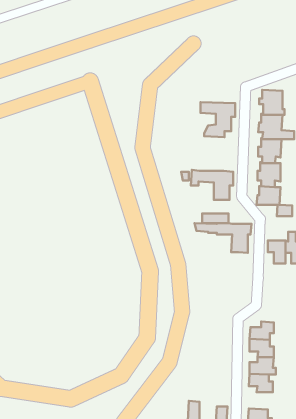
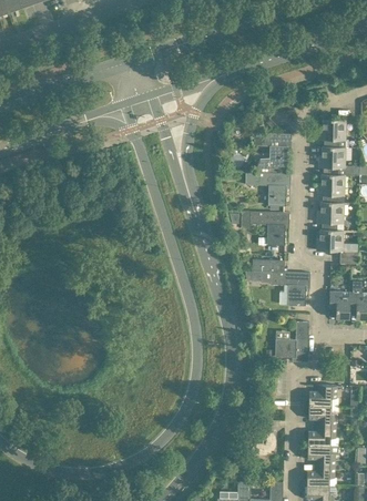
building: none -> [245,171,290,205]
building: none -> [275,320,308,360]
building: none -> [307,464,335,484]

